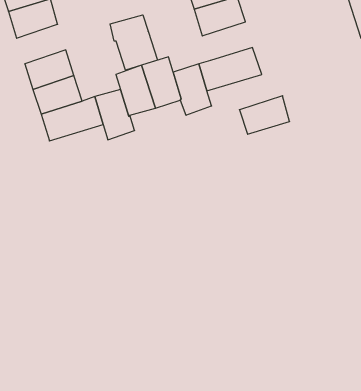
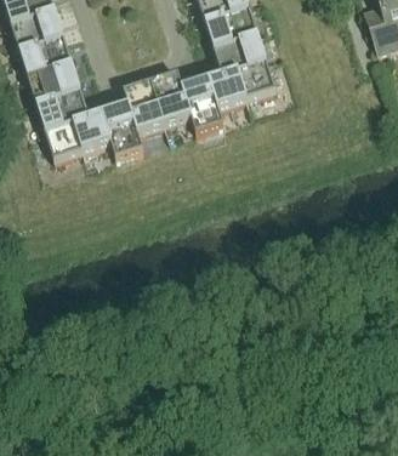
building: [110,15,158,70] -> none
building: none -> [21,39,72,80]
building: [239,96,290,134] -> [214,36,266,76]

